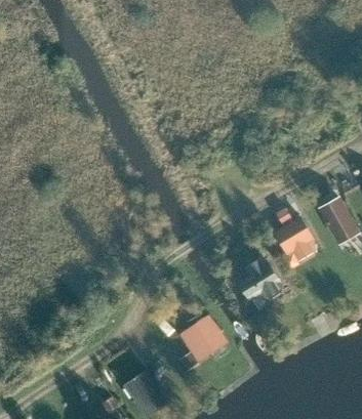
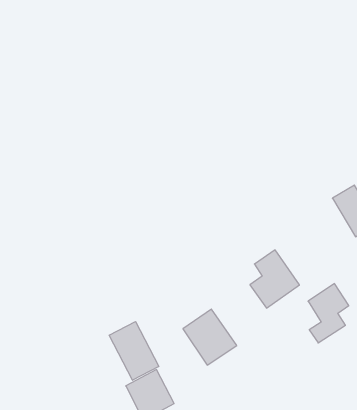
building: [277,217,315,273] -> [308,284,349,343]
building: none -> [109,322,159,380]

